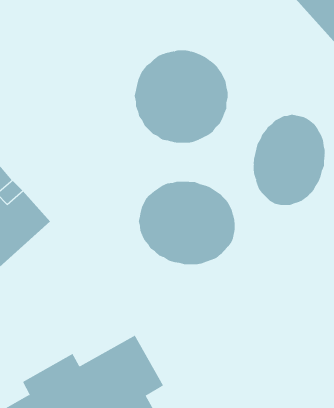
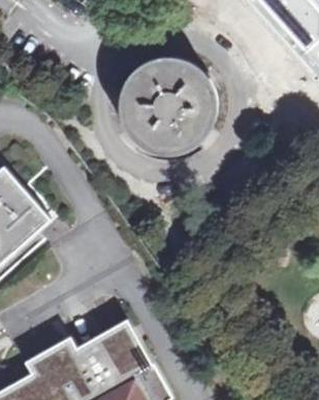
building: [253,114,325,206] -> none
building: [138,181,235,265] -> none

